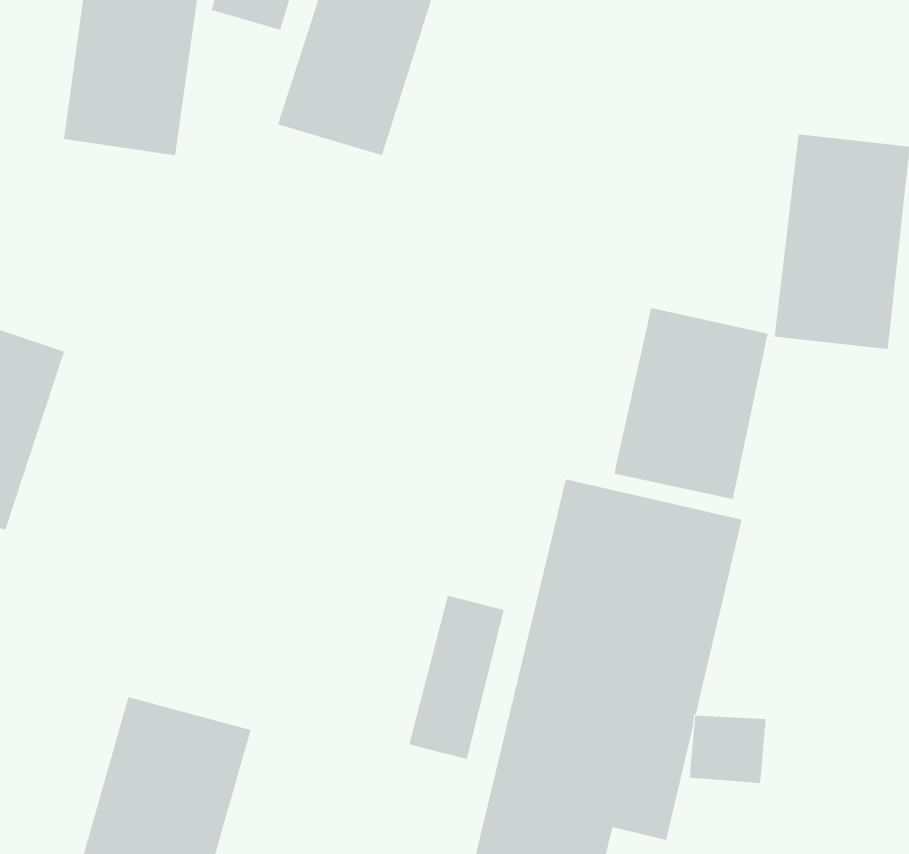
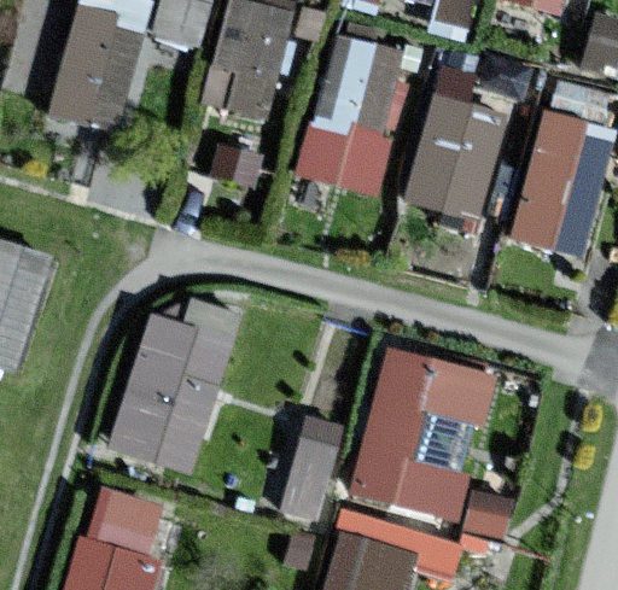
building: none -> [296,33,412,197]
building: [613,308,769,500] -> [404,97,506,222]
building: none -> [116,299,234,471]

